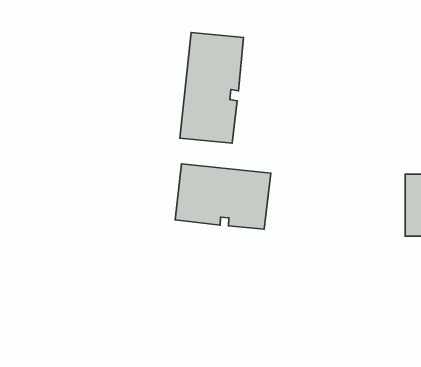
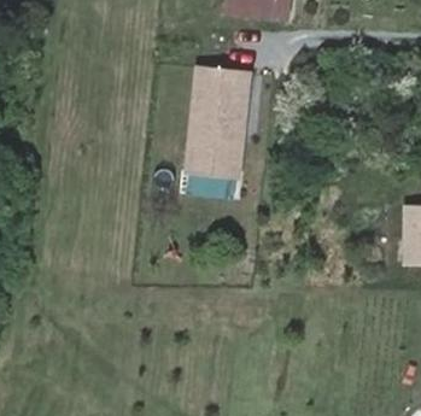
building: [175,164,271,229] -> none

